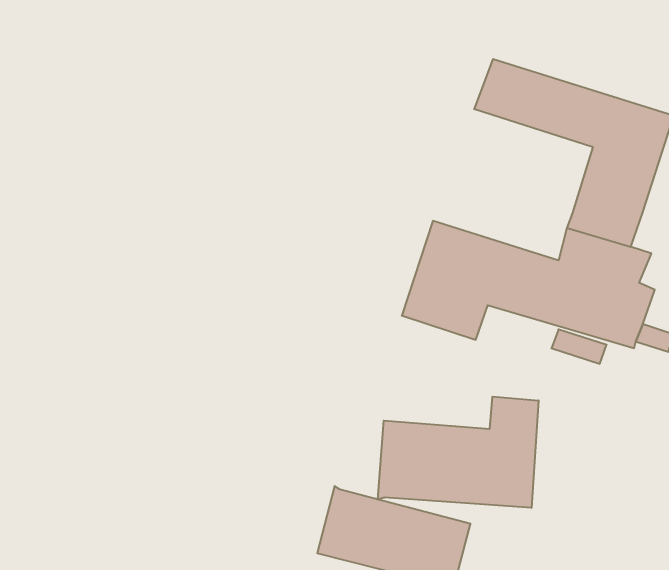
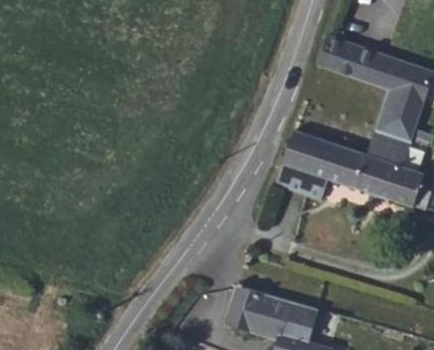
building: [378,397,539,508] -> none

